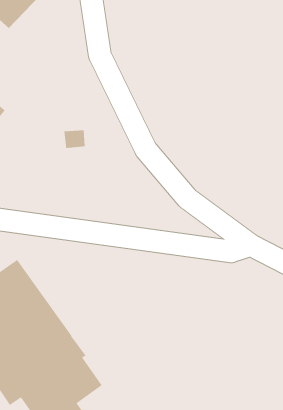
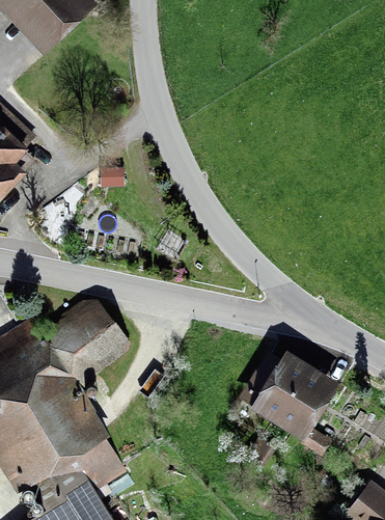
building: none -> [42,298,132,383]
building: none -> [240,357,332,449]

